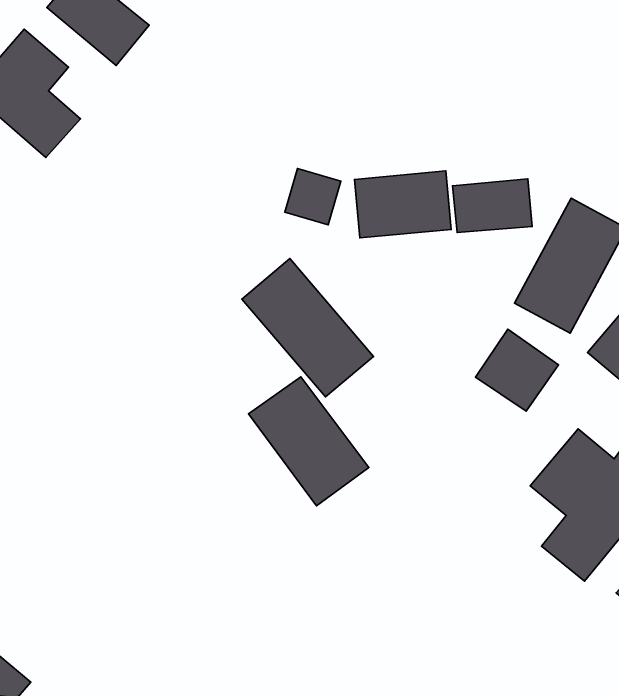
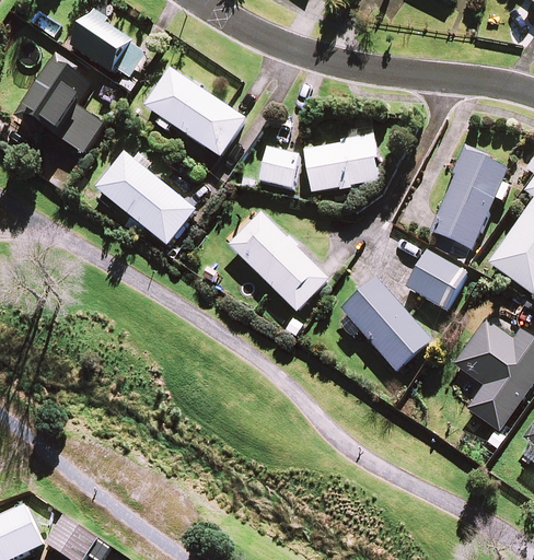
building: none -> [141,65,241,153]
building: none -> [93,150,190,242]
building: [452,179,532,232] -> none
building: [249,377,369,506] -> [341,277,433,371]

